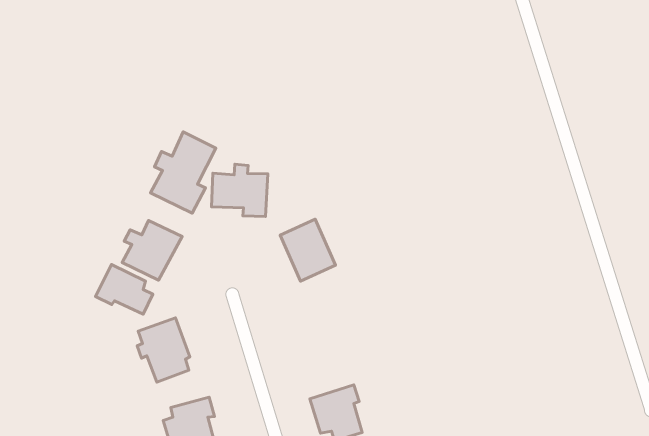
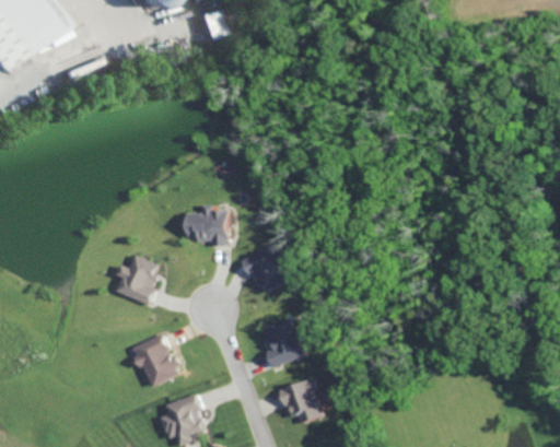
building: [151,132,216,213] -> none
building: [96,264,153,314] -> none
building: none -> [265,317,306,368]

